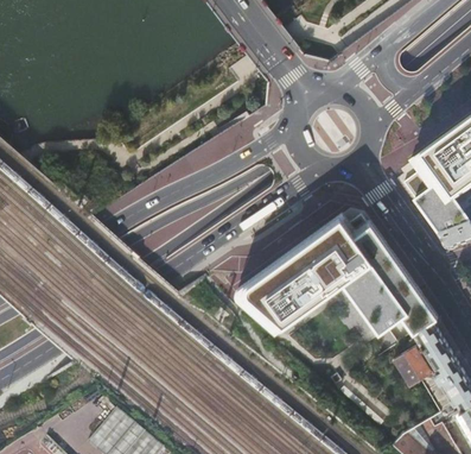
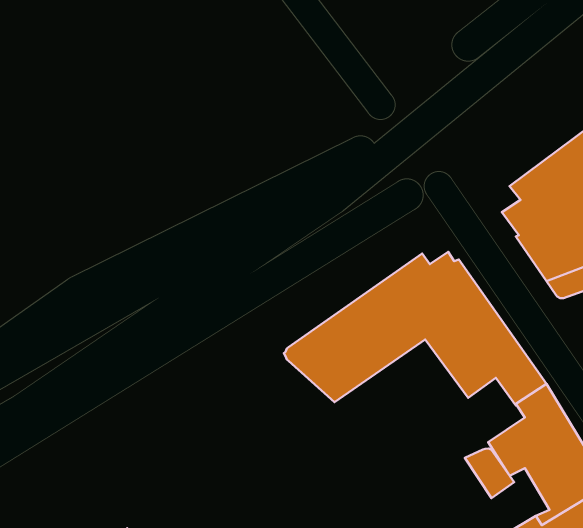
building: none -> [465,449,514,498]

